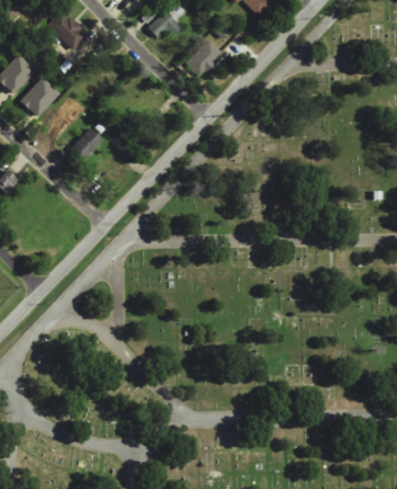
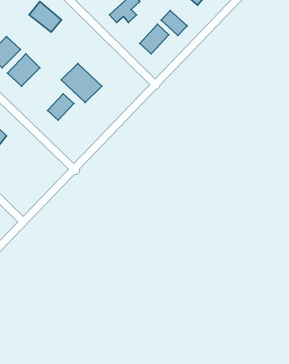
building: none -> [161,11,187,35]
building: none -> [61,64,102,102]

